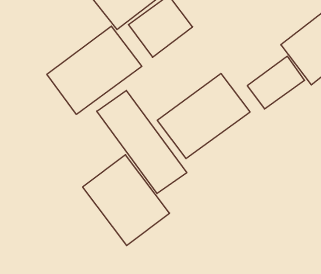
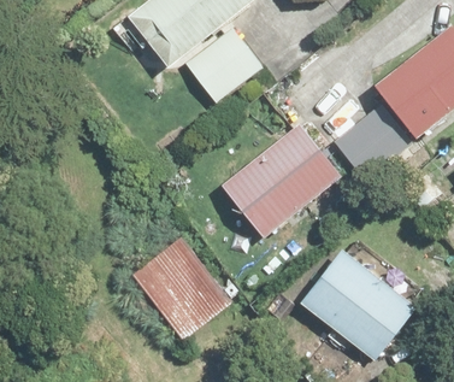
building: [47,26,142,114] -> none
building: [97,90,187,194] -> none
building: none -> [295,249,415,363]

